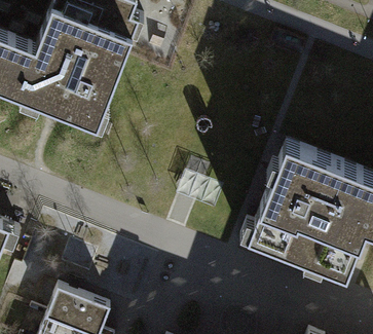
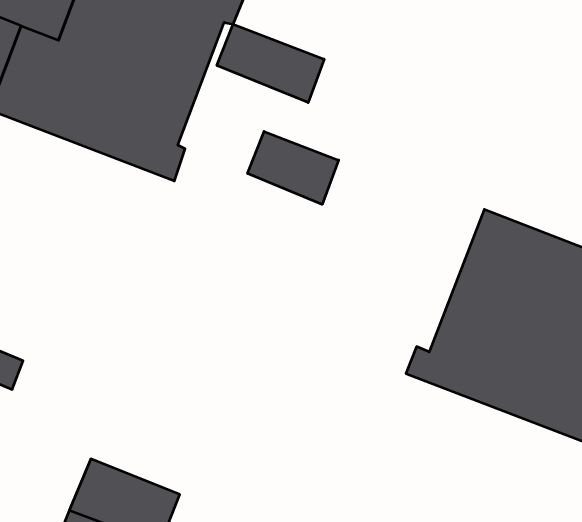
building: none -> [217,24,324,103]
building: none -> [248,131,339,204]

